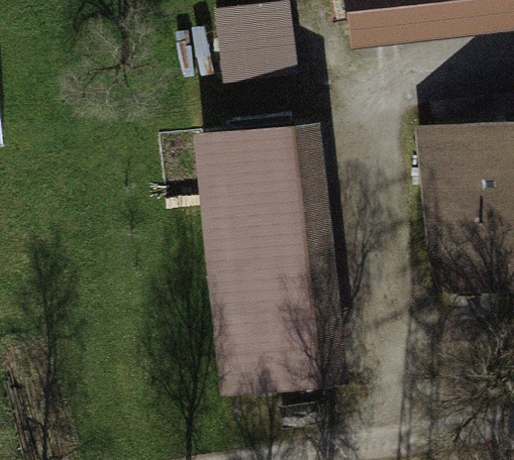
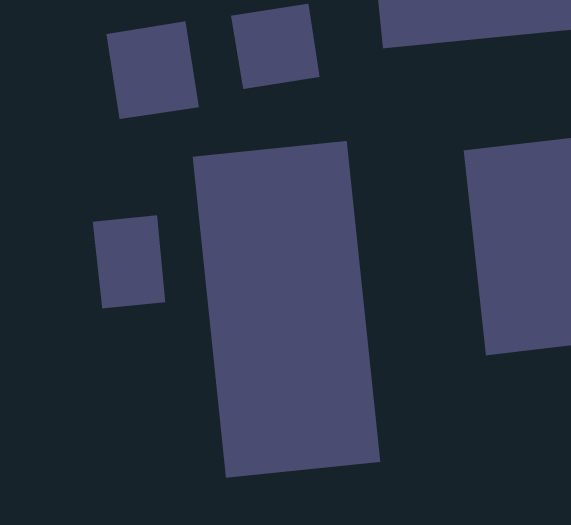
building: none -> [106,20,200,120]
building: none -> [92,214,166,309]

